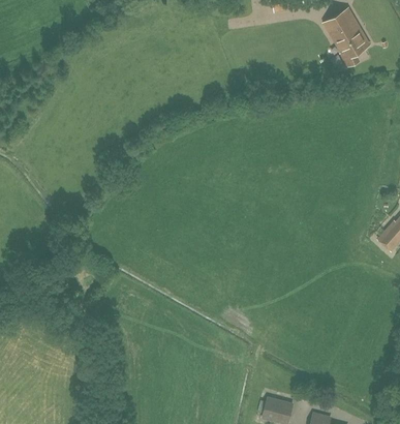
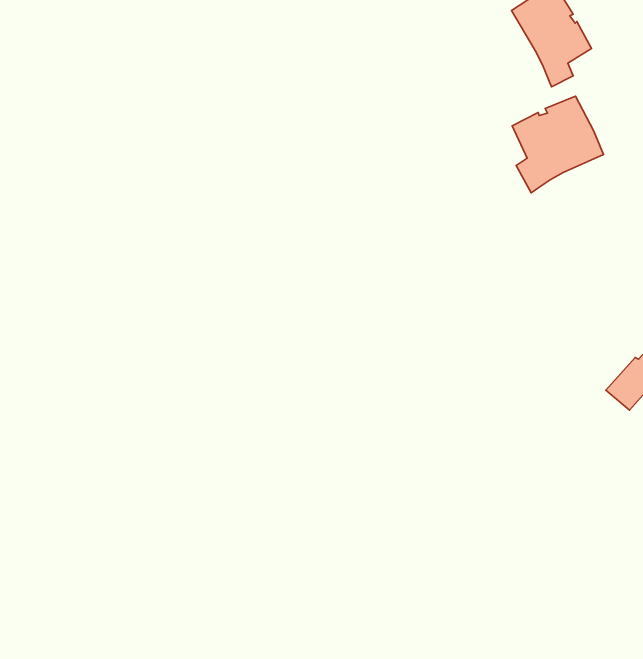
building: none -> [512,96,604,193]

